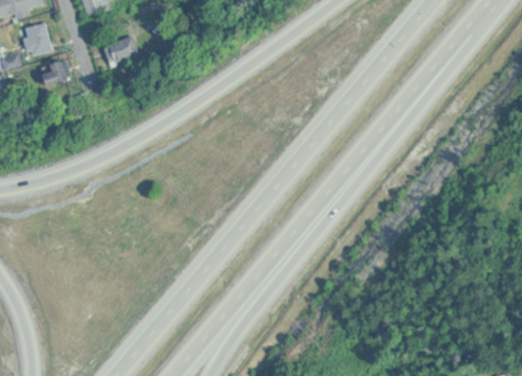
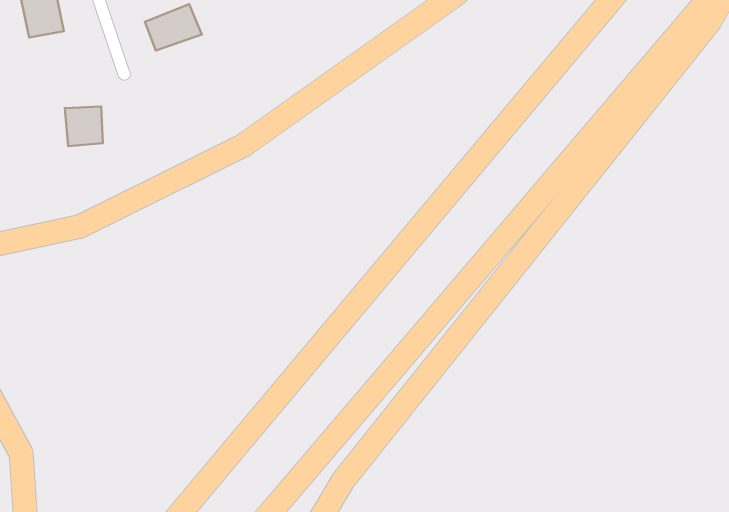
building: [40,62,64,88] -> [65,106,103,146]

